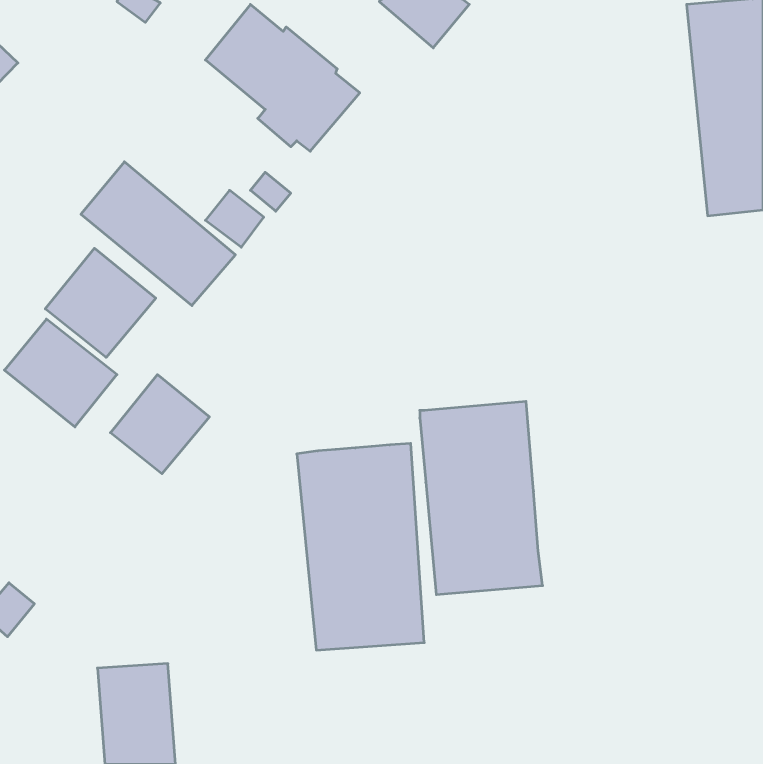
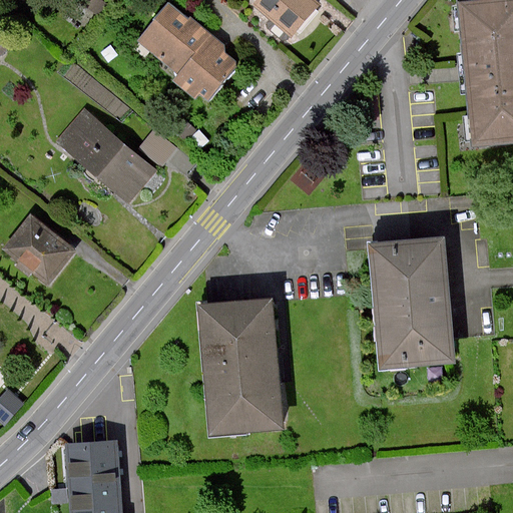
building: [45,248,156,357] -> none
building: [110,375,209,474] -> none
building: [420,401,543,595] -> [368,236,450,366]

